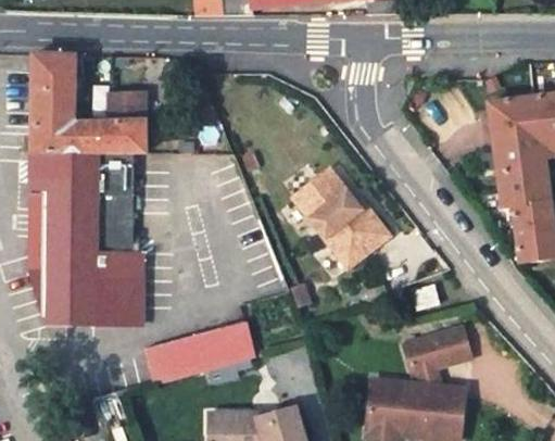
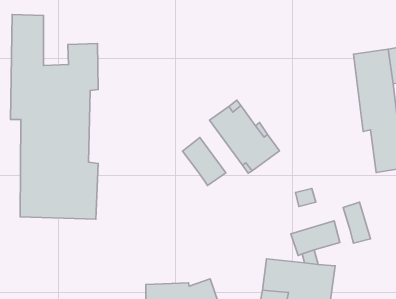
building: none -> [183,137,226,186]
building: none -> [343,202,370,243]
building: [146,322,252,383] -> none

